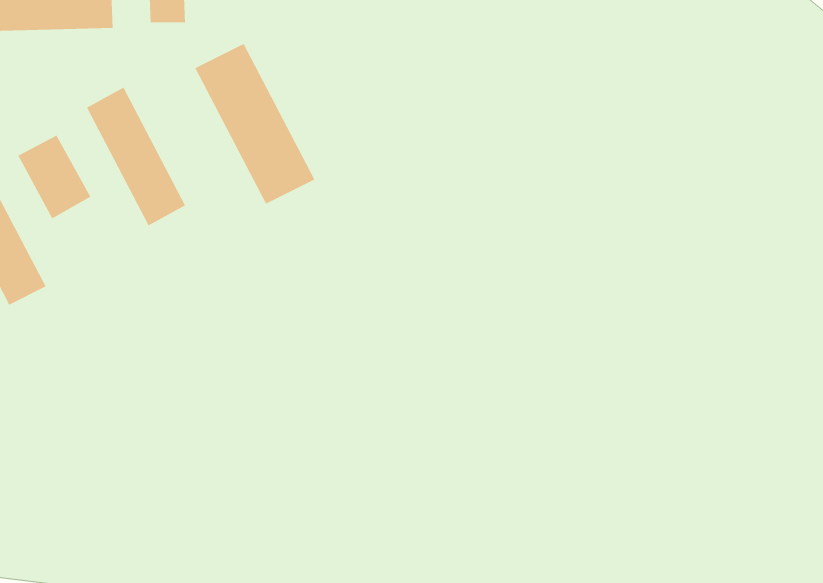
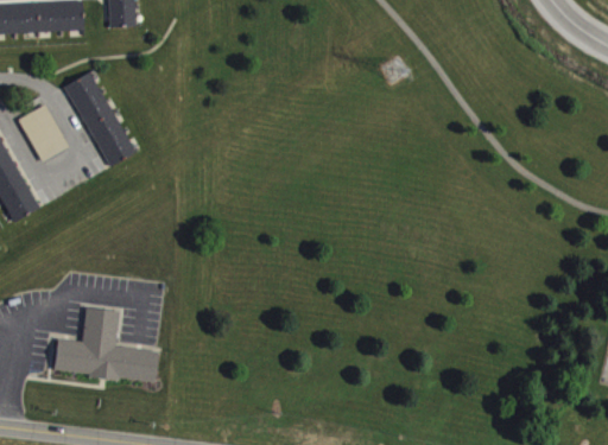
building: [195,43,315,204] -> none
building: none -> [53,306,158,382]

